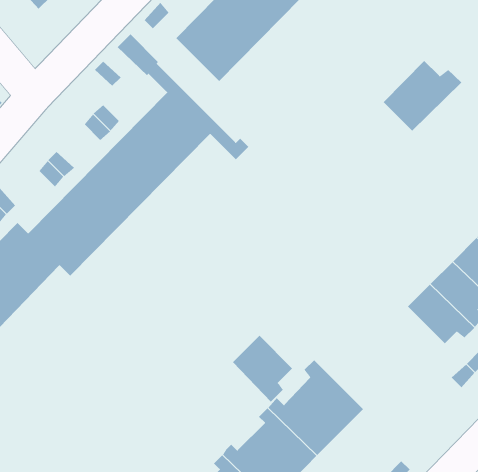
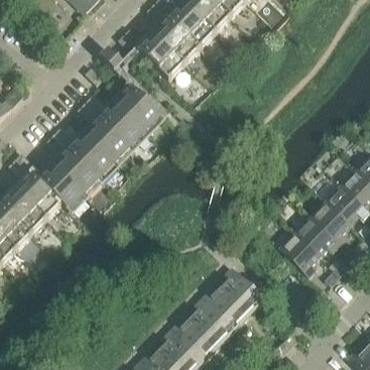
building: [383,60,462,131] -> none
building: none -> [277,231,319,276]
building: [232,335,293,403] -> none

